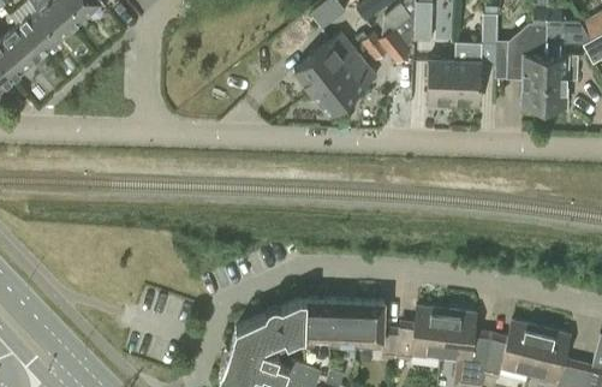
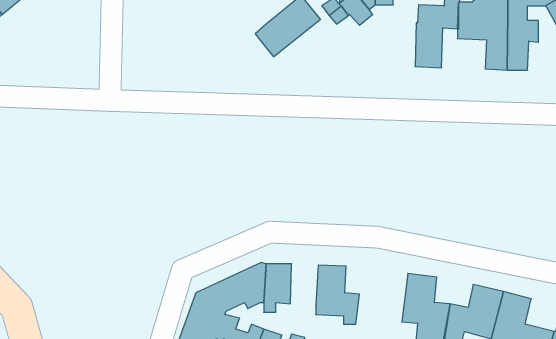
building: [312,58,376,115] -> none
building: [427,60,454,105] -> none
building: [328,300,357,351] -> none
building: [394,306,446,362] -> none

